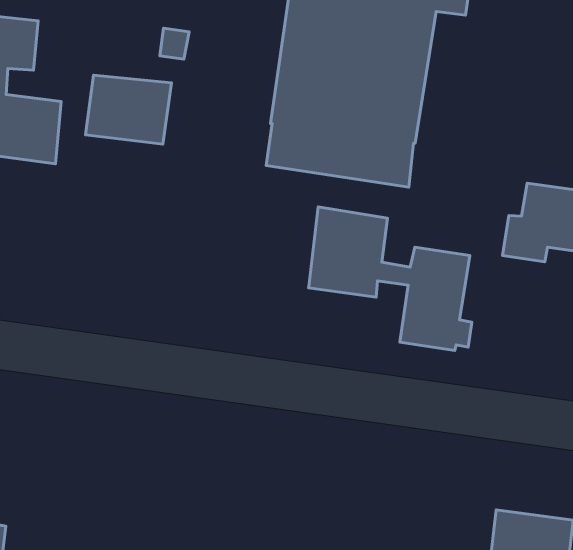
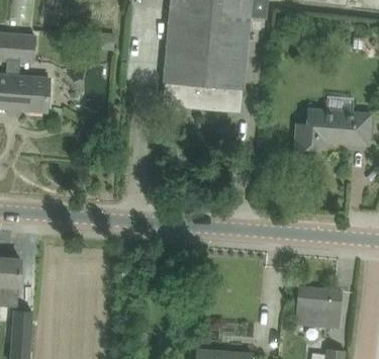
building: [85,75,171,144] -> none
building: [309,207,472,351] -> none

